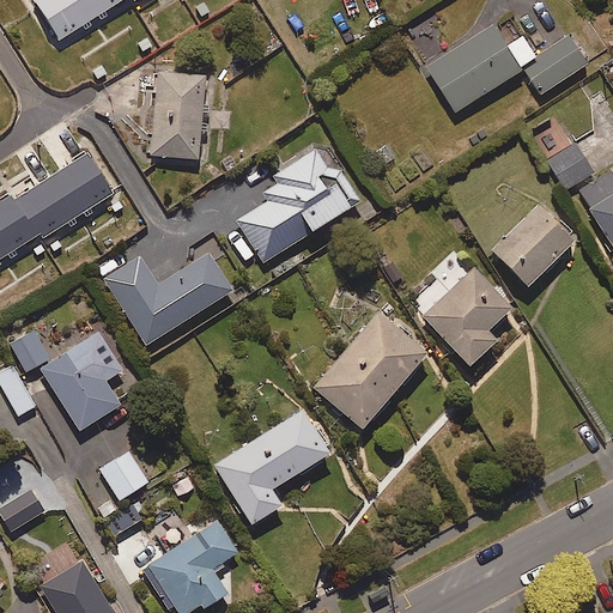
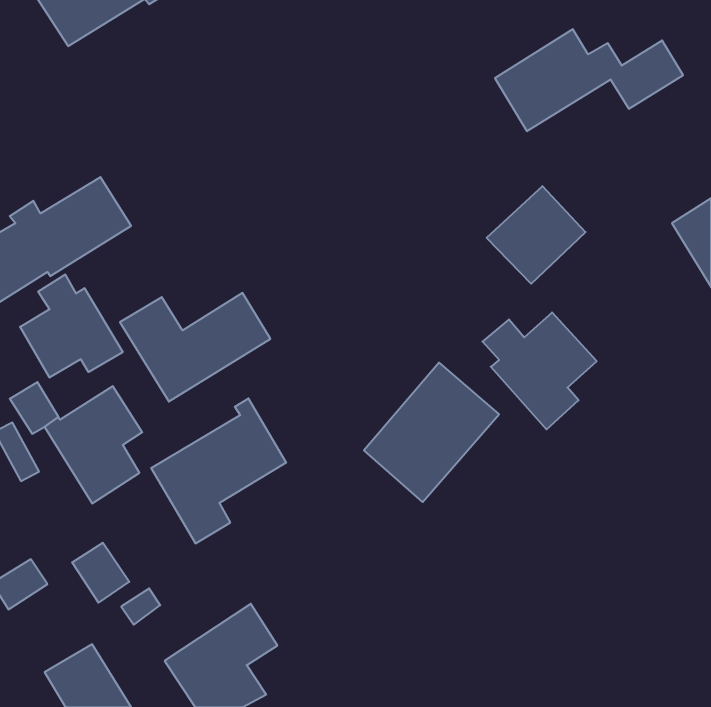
building: [151,71,205,159] -> none
building: [547,142,593,188] -> none
building: [236,150,362,262] -> none
building: [490,205,575,289] -> [487,186,586,284]
building: none -> [20,274,123,378]
building: [213,402,329,527] -> [151,398,286,543]
building: [98,449,147,500] -> [72,543,129,603]

